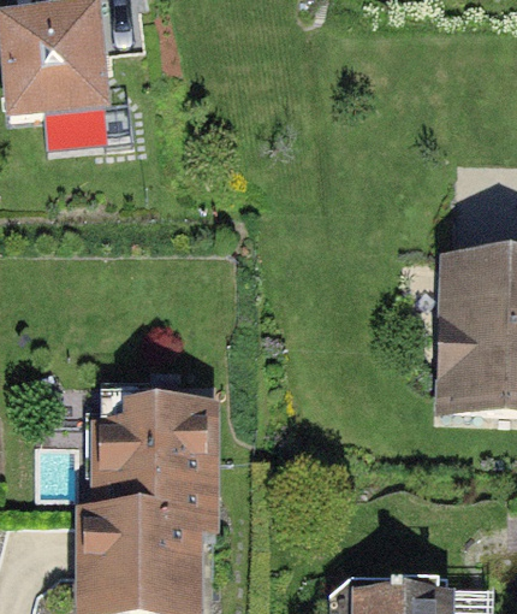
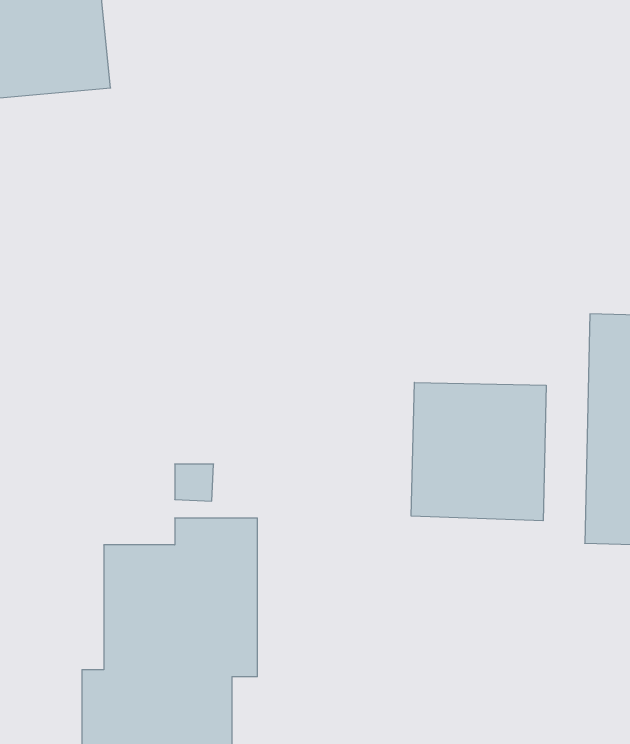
building: none -> [411,382,546,521]

